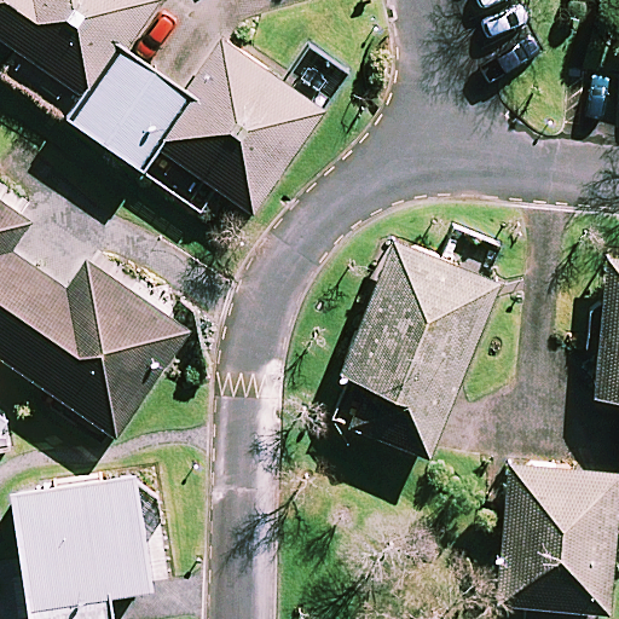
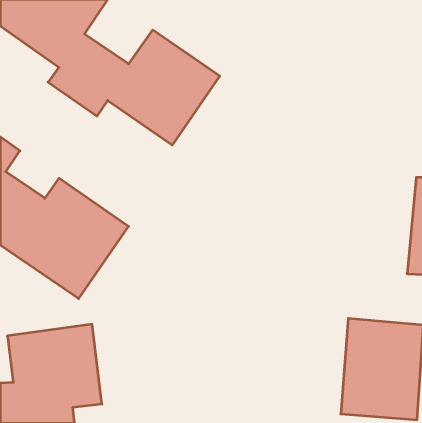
building: [345,243,498,457] -> none

